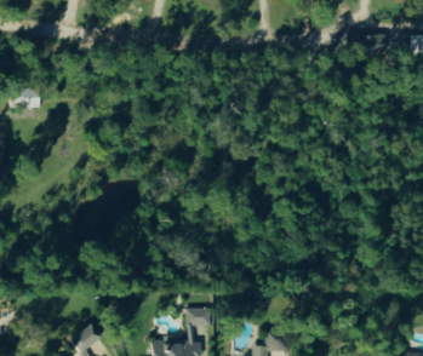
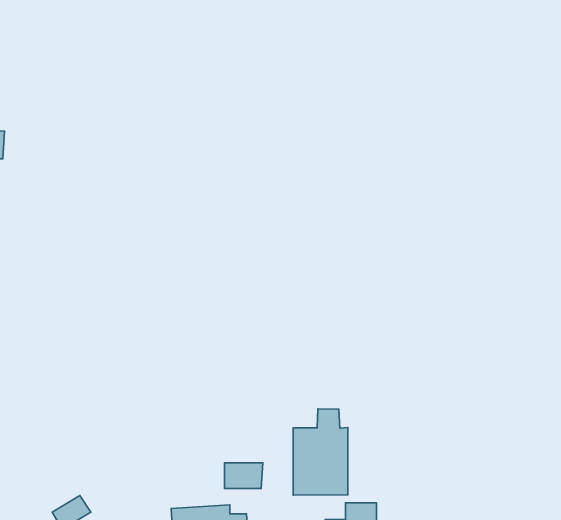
building: none -> [293,409,348,495]

